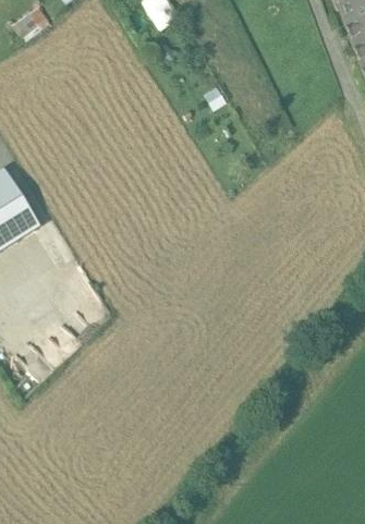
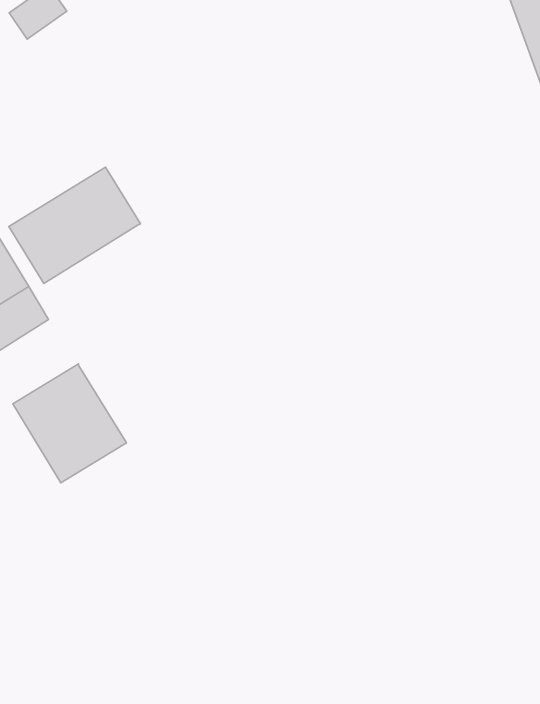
building: none -> [9,167,141,284]
building: none -> [13,364,126,483]

